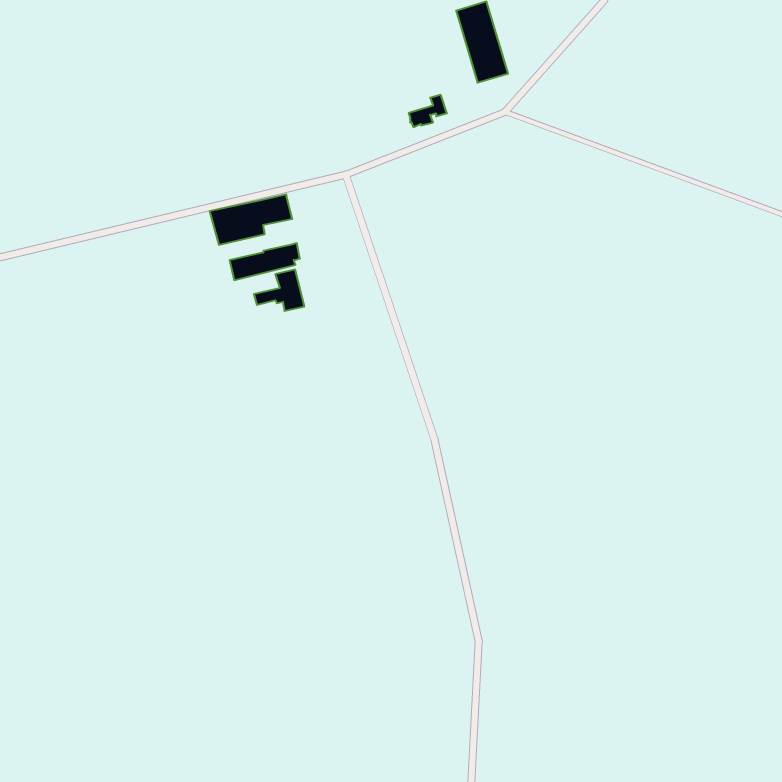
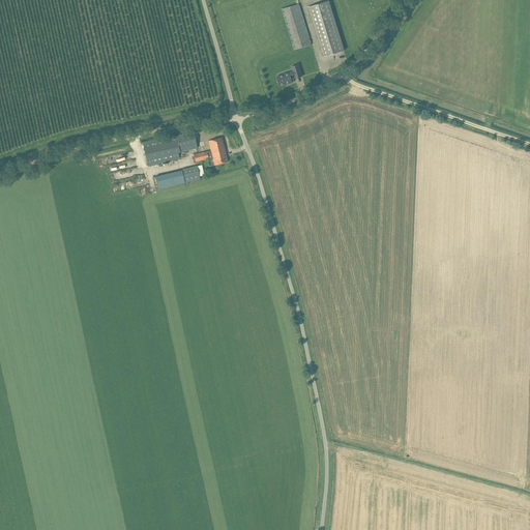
building: none -> [282,4,311,51]
building: [254,270,304,311] -> [194,138,228,166]

